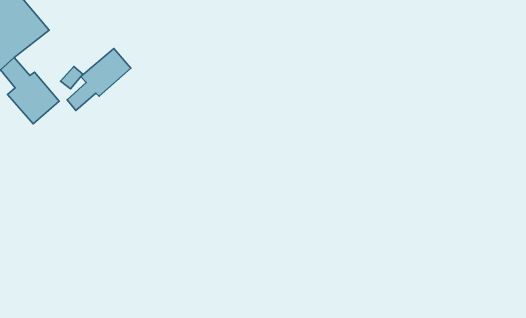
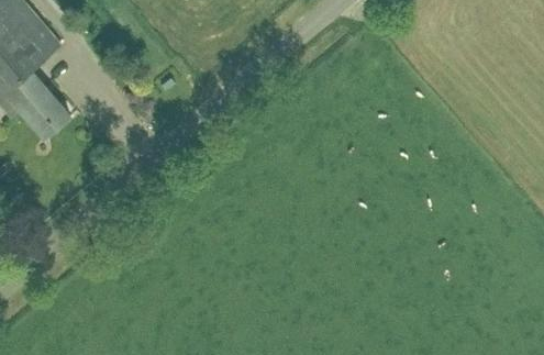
building: [67,48,131,111] -> none

